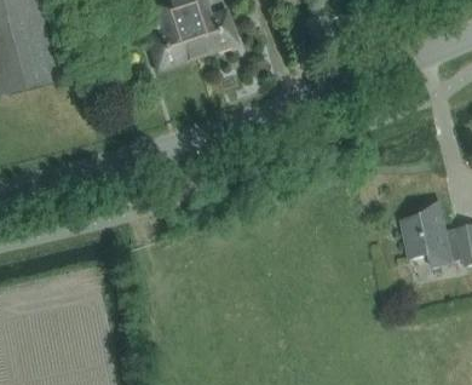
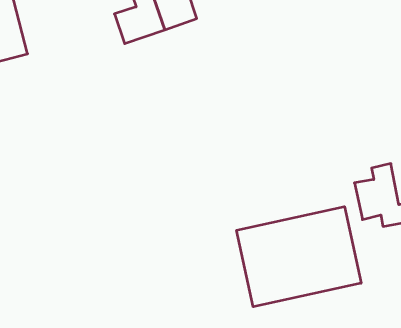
building: none -> [237,207,361,307]

